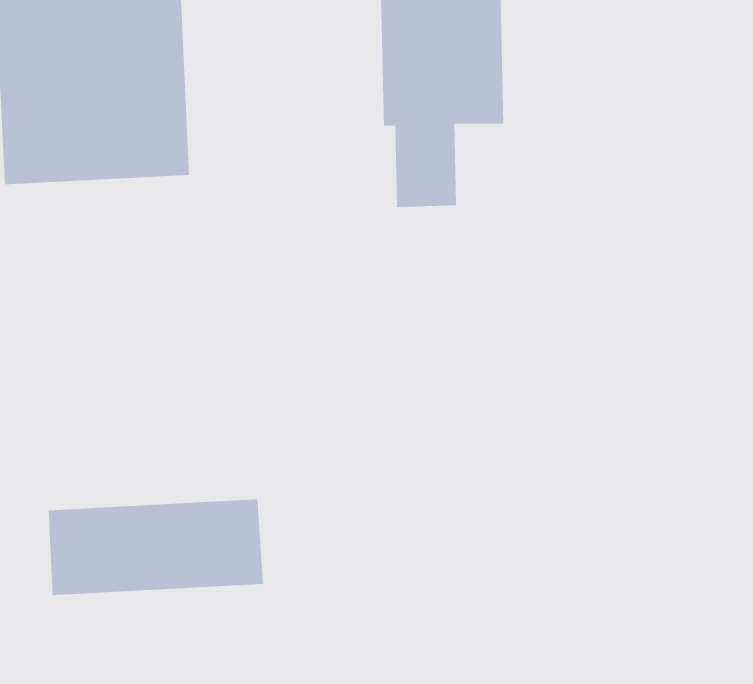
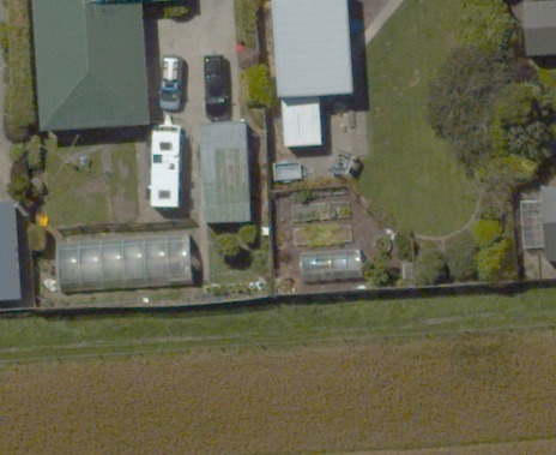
building: none -> [195,114,256,220]
building: [48,499,264,595] -> [55,233,192,294]

